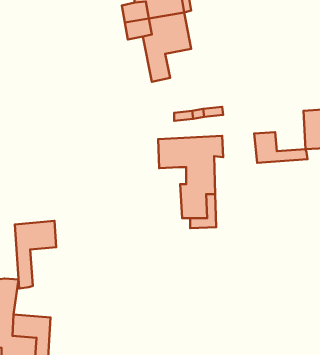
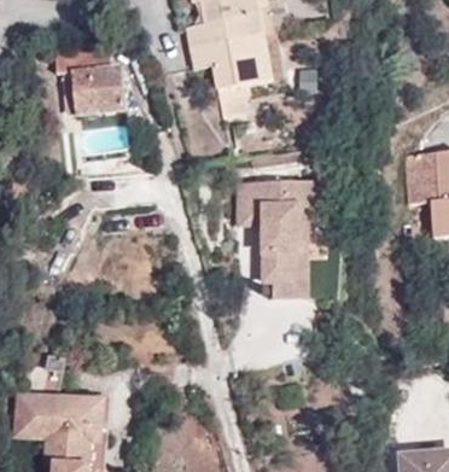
building: none -> [57,48,126,113]
building: [254,132,308,163] -> none
building: [15,221,56,288] -> none

